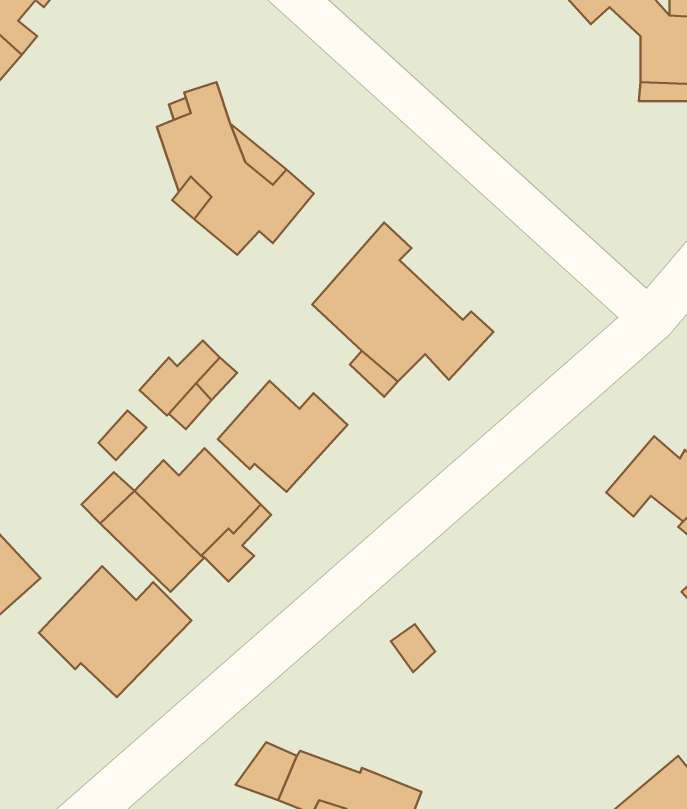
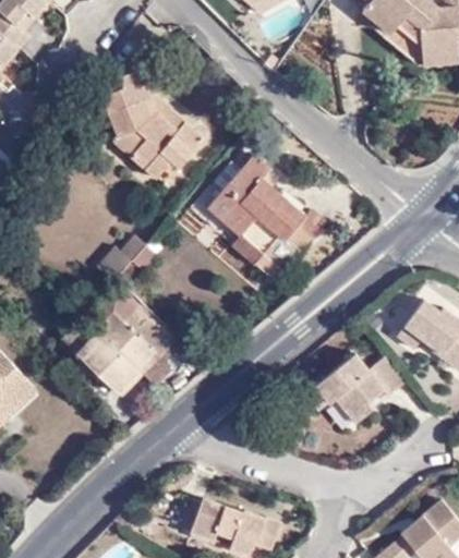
building: [218,381,347,492] -> none
building: none -> [314,350,403,421]
building: [39,566,192,697] -> none

